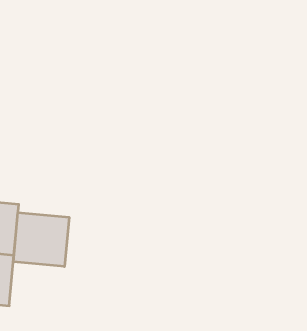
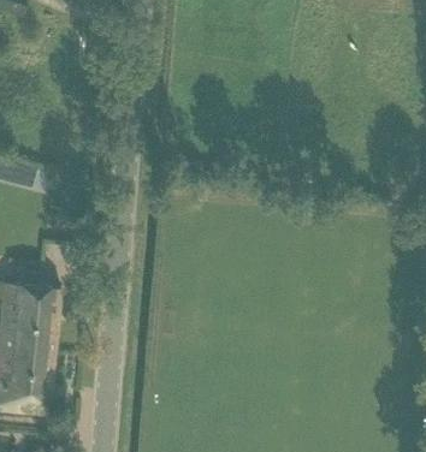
building: [13,213,69,267] -> none

